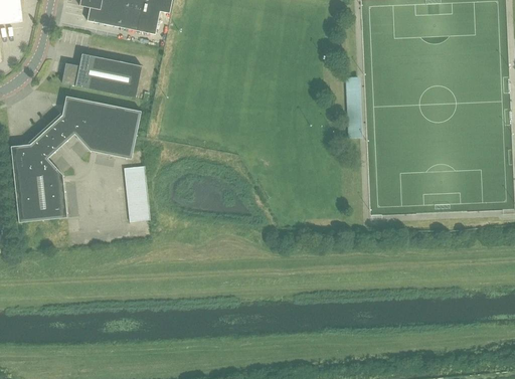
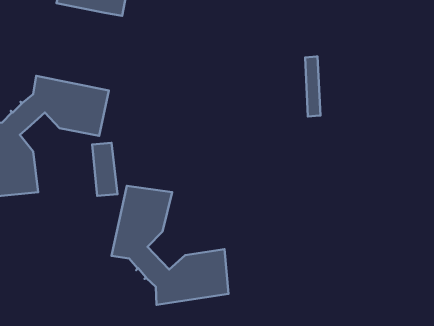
building: [61,53,142,98] -> none
building: none -> [112,186,228,305]

